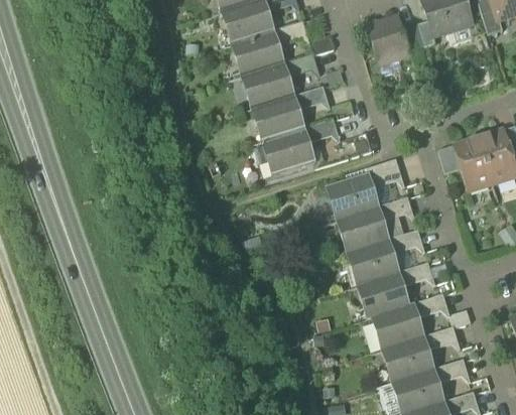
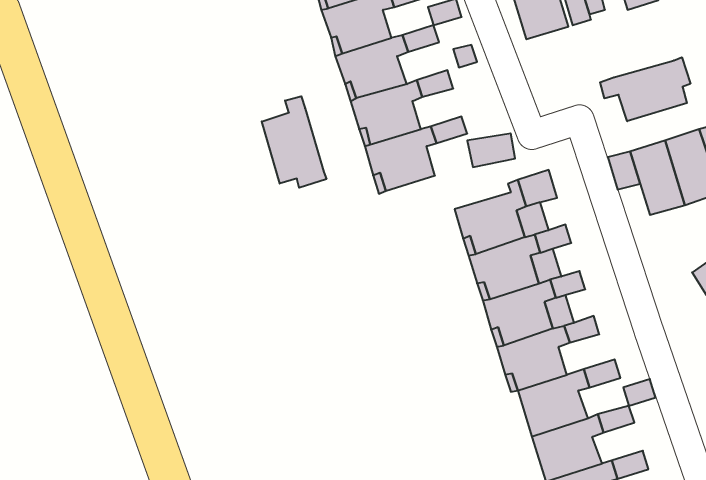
building: none -> [600,57,690,121]
building: none -> [262,96,326,188]

